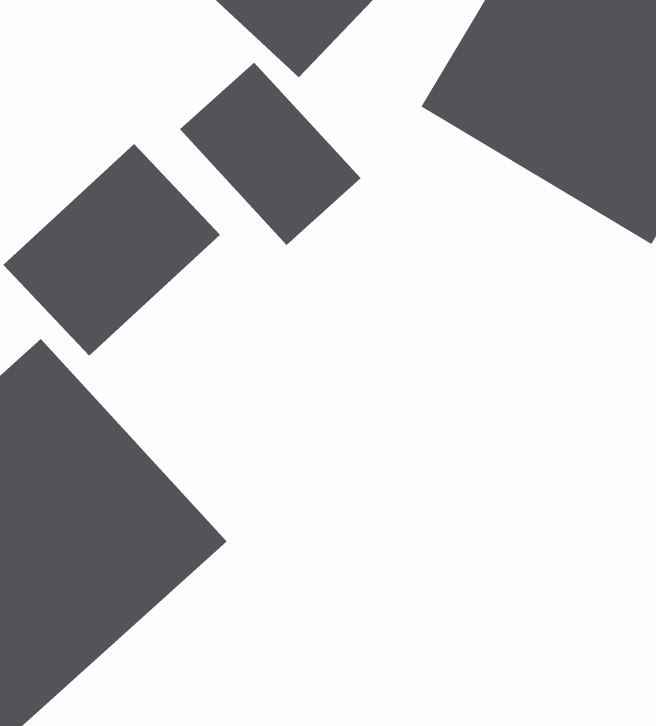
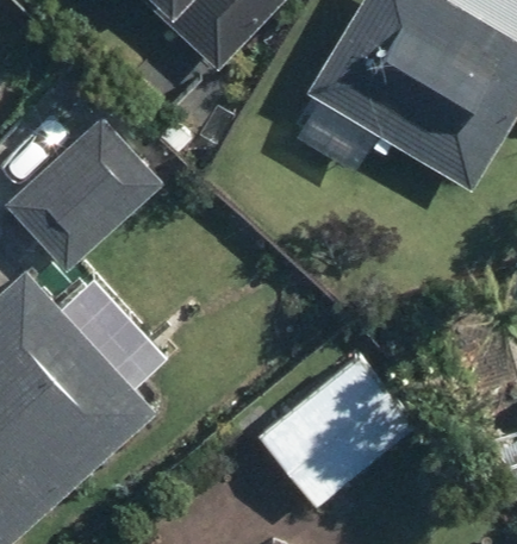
building: [179,62,362,246] -> none
building: none -> [257,350,422,507]

